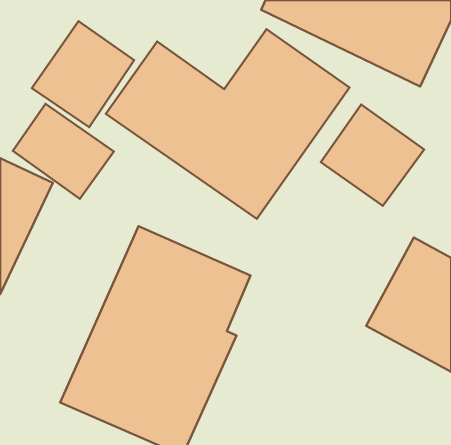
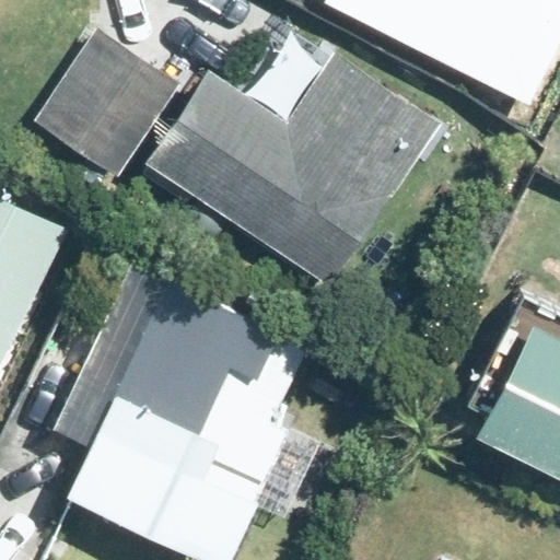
building: [13,104,114,199] -> none
building: [321,104,424,206] -> none

